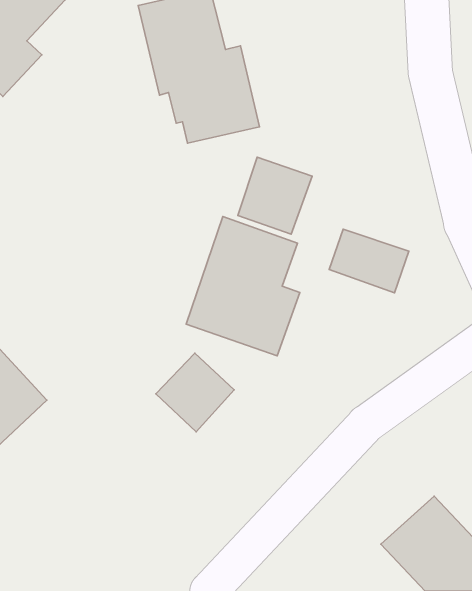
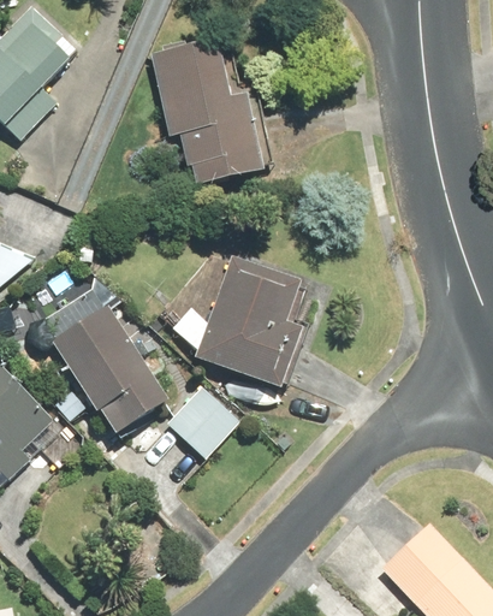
building: [238,157,312,234] -> none
building: [329,229,409,293] -> none
building: none -> [51,304,168,433]

